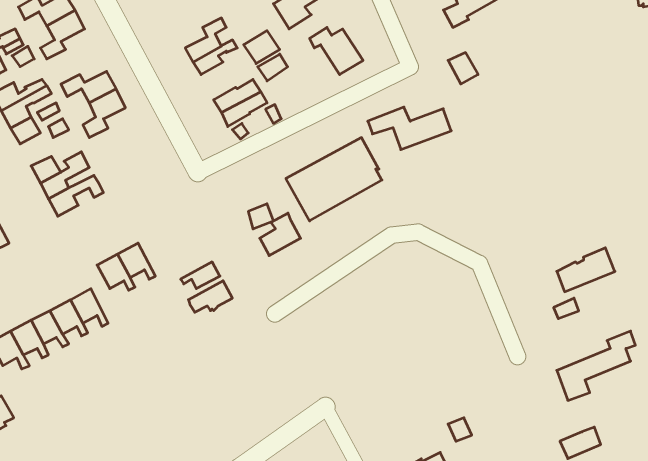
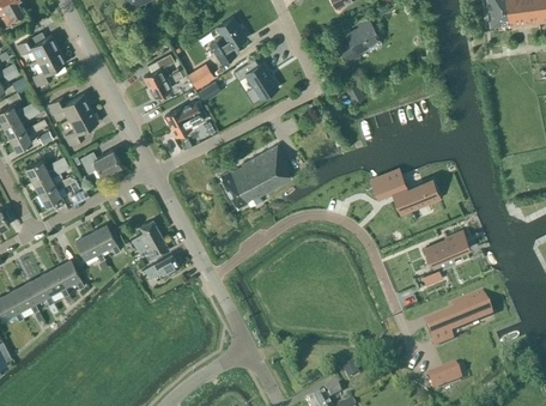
building: [368,107,451,150] -> [375,180,438,212]
building: none -> [80,151,121,176]
building: [260,213,301,256] -> [132,222,163,254]

